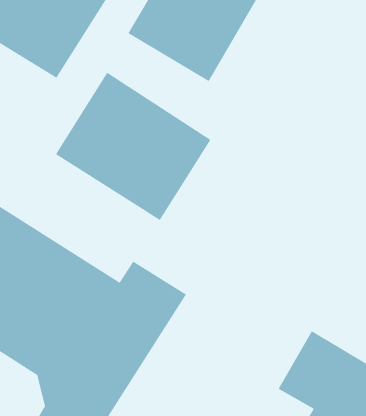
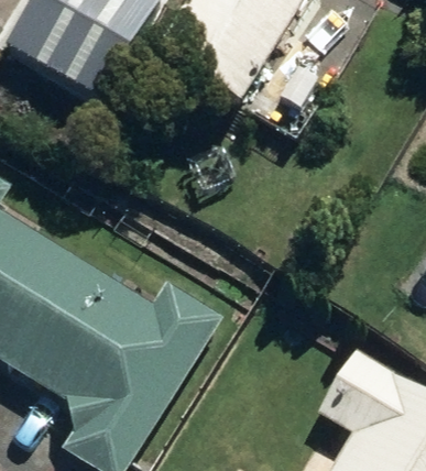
building: [55,72,211,221] -> none

